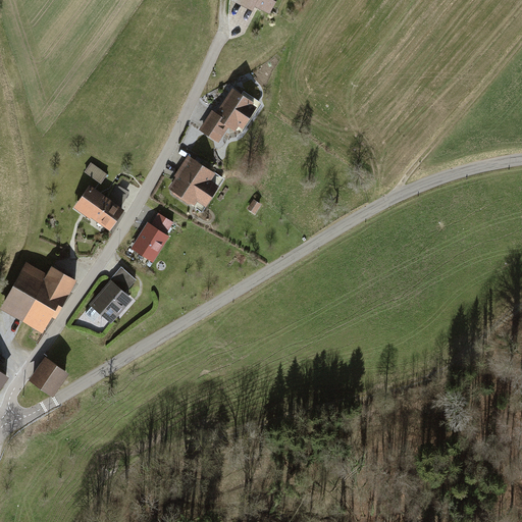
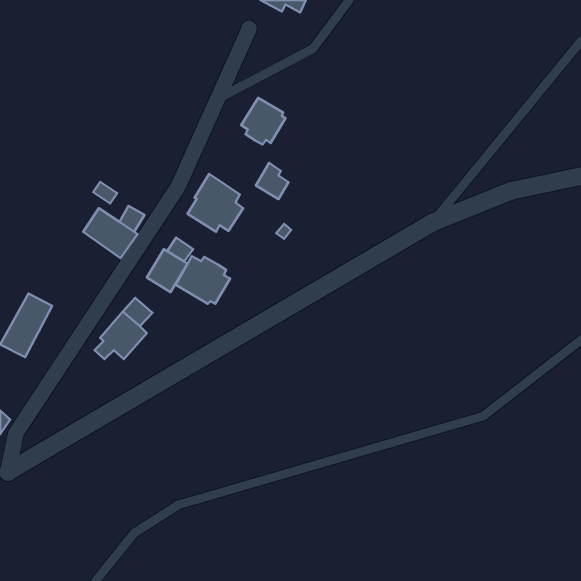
building: [200,109,229,142] -> [256,163,289,199]
building: none -> [176,256,230,304]
building: [22,265,76,333] -> none
building: [31,356,67,393] -> none

